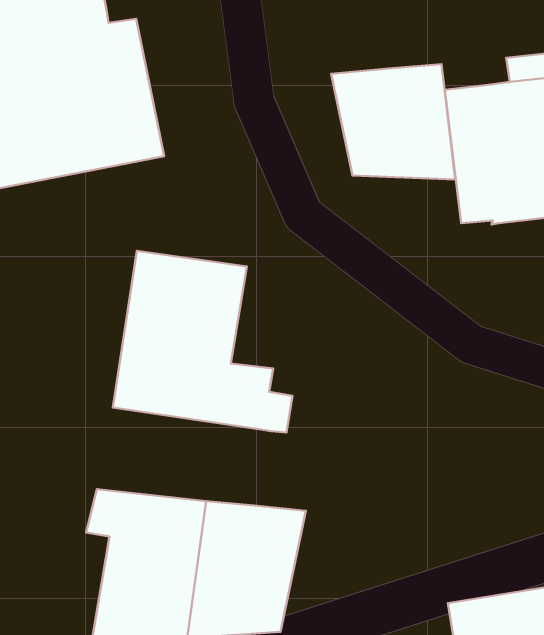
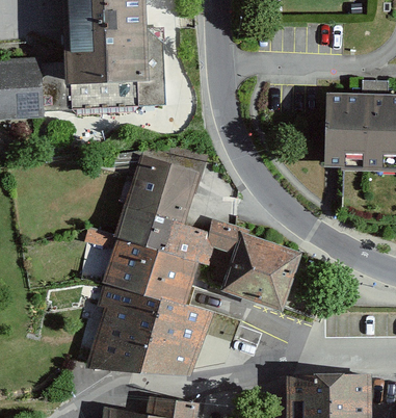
building: [331,64,455,179] -> none
building: none -> [204,218,301,313]
building: none -> [101,239,199,305]

